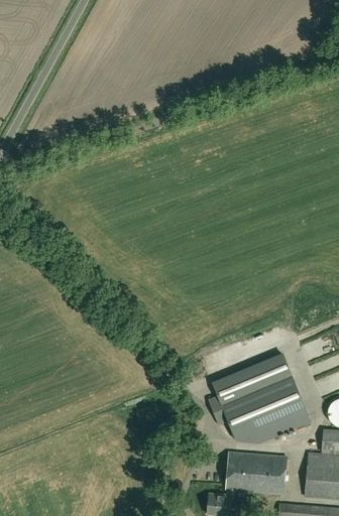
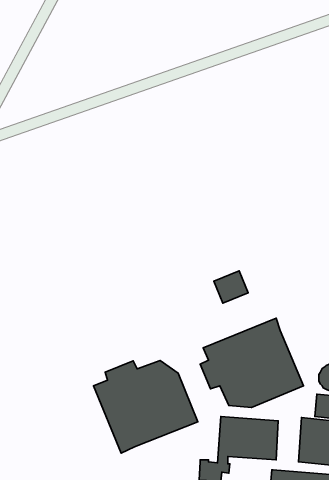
building: none -> [214,271,248,303]
building: none -> [94,360,198,453]

